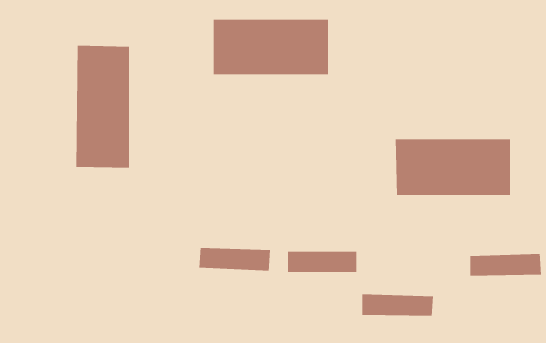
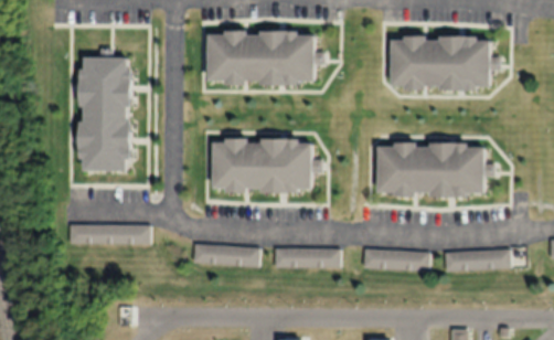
building: none -> [390,38,489,89]
building: none -> [211,139,311,192]
building: none -> [70,225,149,244]
building: [362,294,434,316] -> [363,251,430,272]

